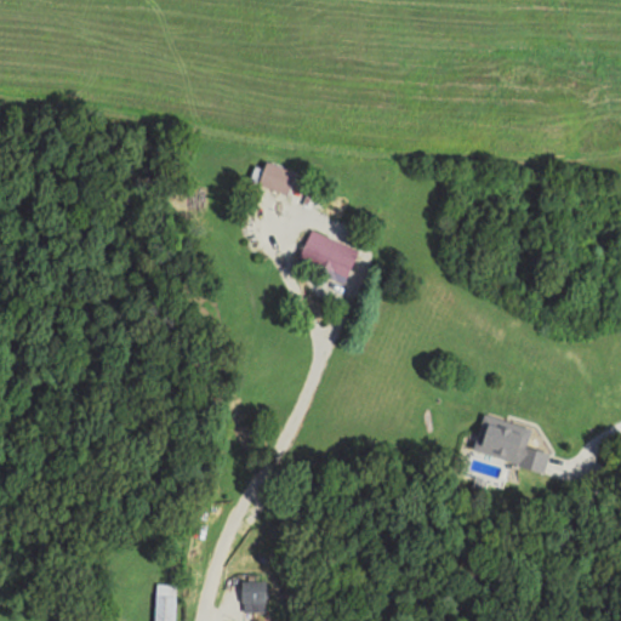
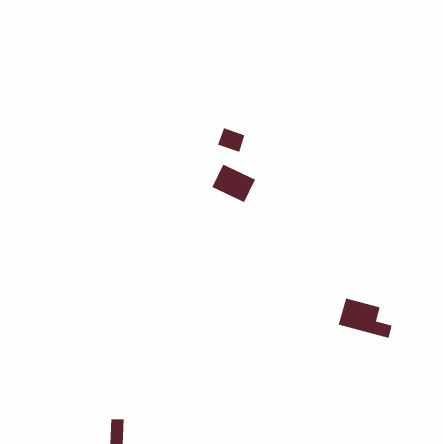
building: [258,161,297,196] -> [217,127,245,153]
building: [244,583,264,613] -> none

